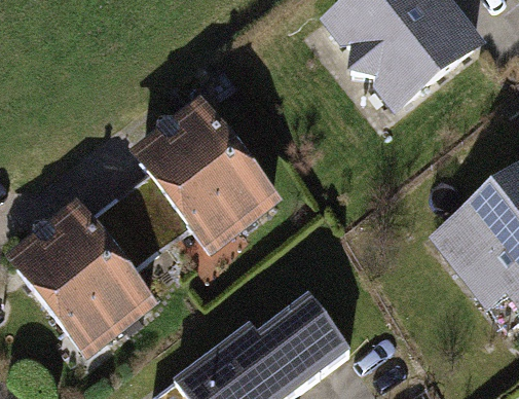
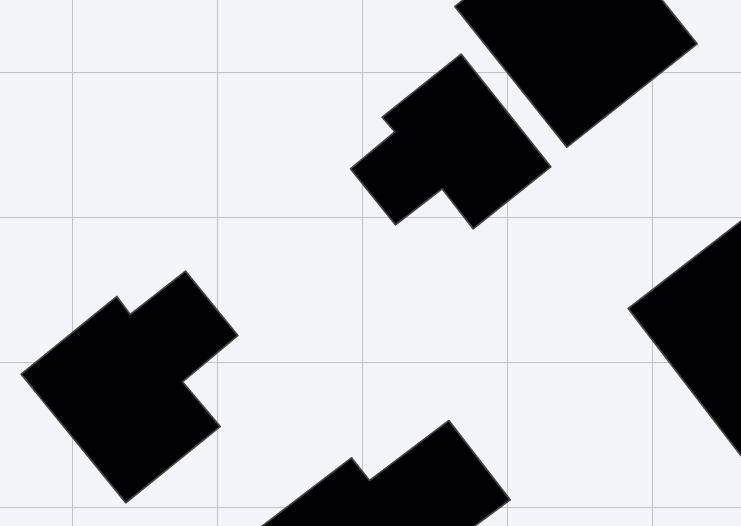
building: none -> [351,54,551,229]
building: [128,116,279,250] -> none

